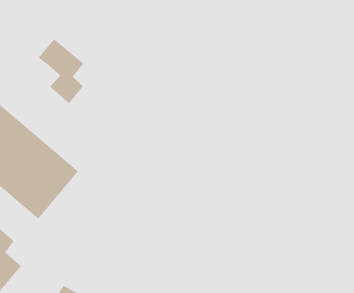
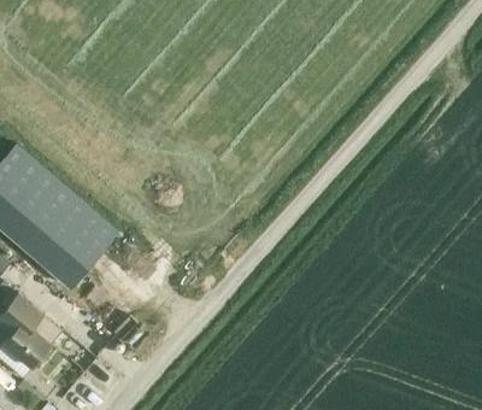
building: [38,39,84,104] -> none

